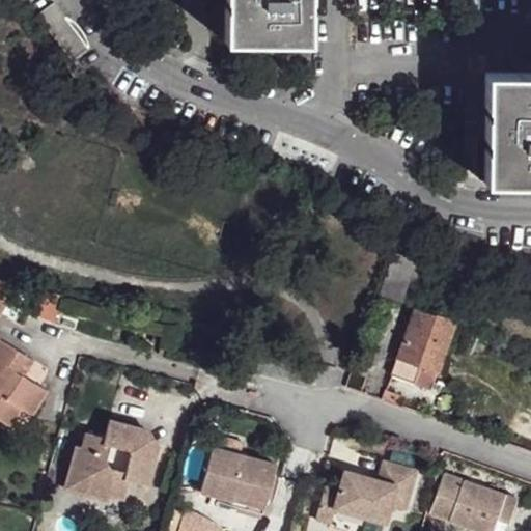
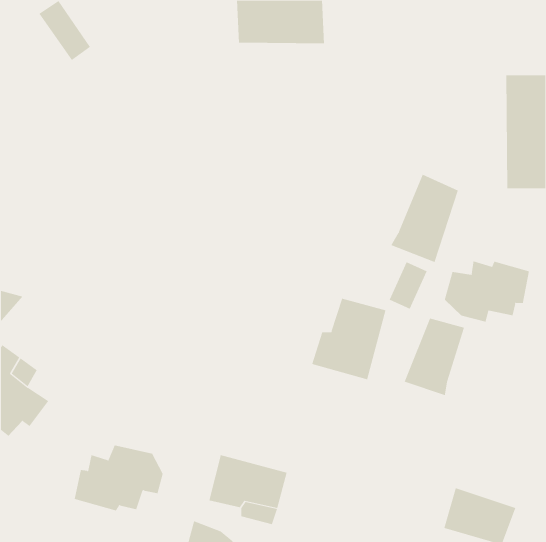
building: none -> [390,174,458,263]
building: none -> [444,261,530,322]
building: none -> [312,298,386,380]
building: [312,463,411,524] -> none

